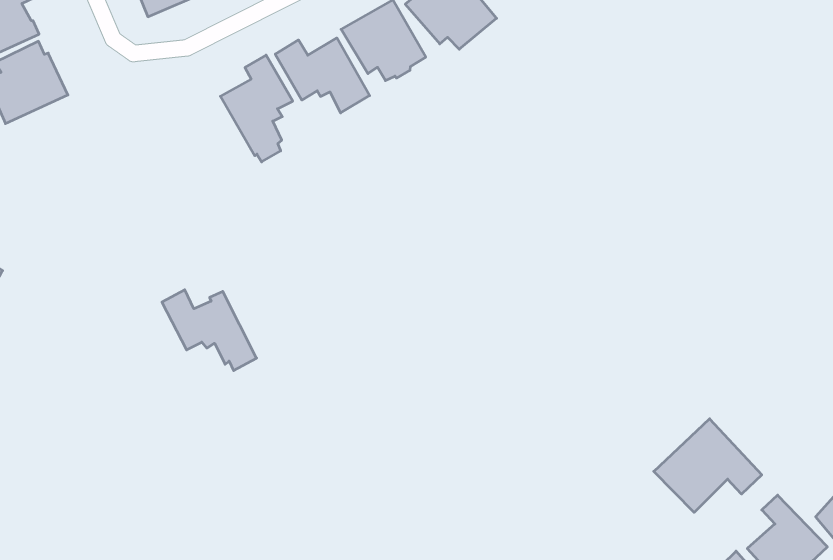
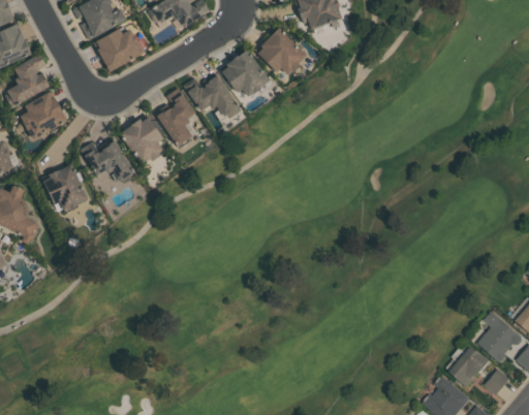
building: none -> [119,117,163,164]
building: none -> [41,164,88,210]
building: [162,290,257,371] -> [80,140,136,185]
building: [654,419,762,512] -> none

